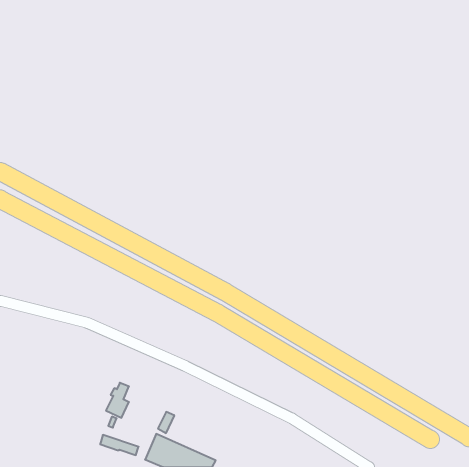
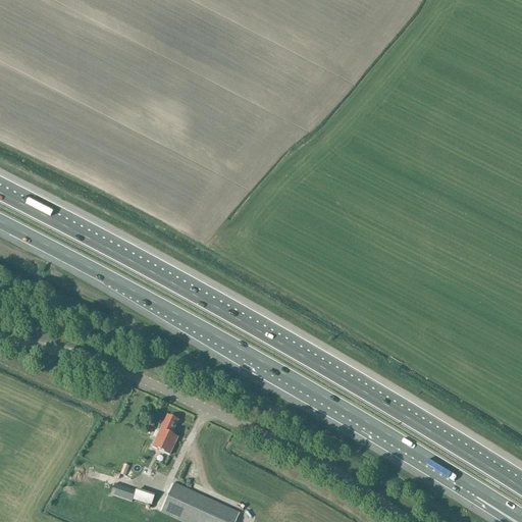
building: [106,383,129,418] -> [152,415,177,454]

